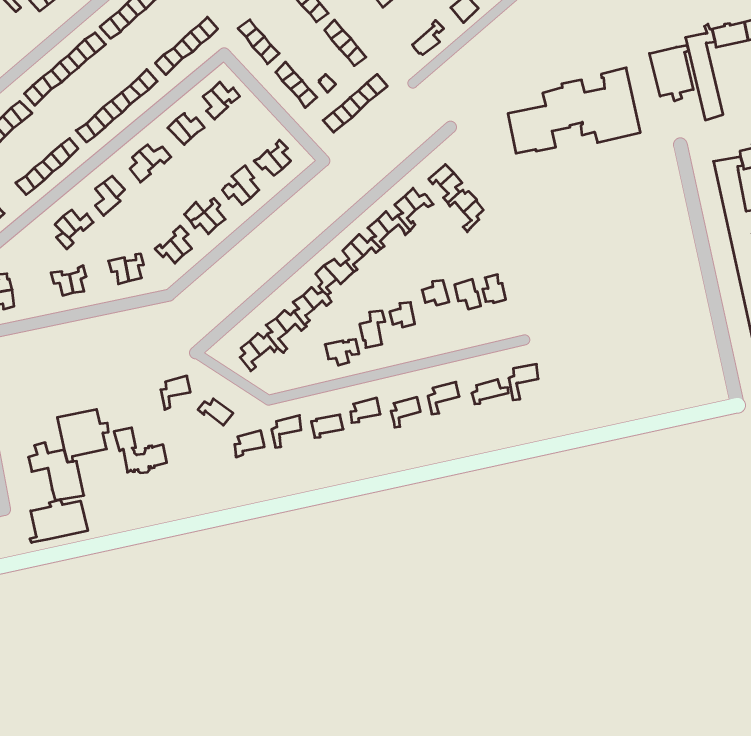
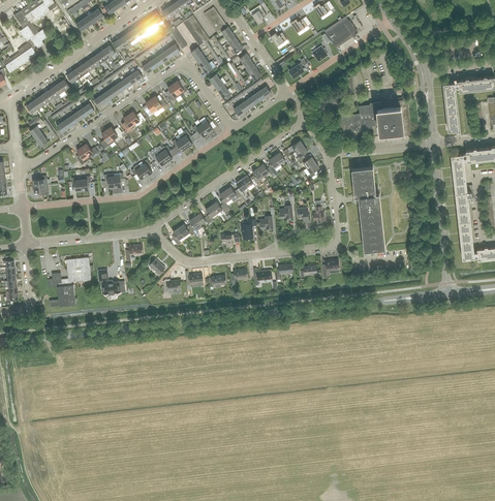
building: [649,45,693,101] -> none
building: none -> [351,167,383,251]
building: [30,499,88,543] -> none

